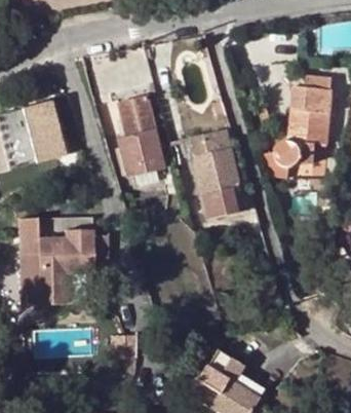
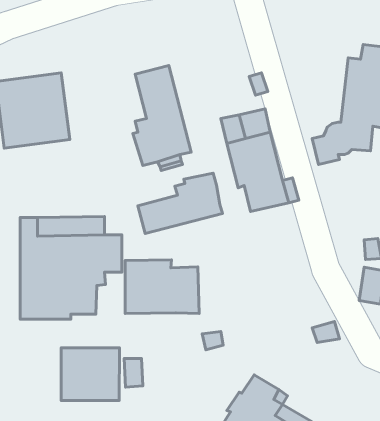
building: none -> [138,173,222,233]
building: none -> [125,260,199,313]
building: none -> [61,348,119,400]

